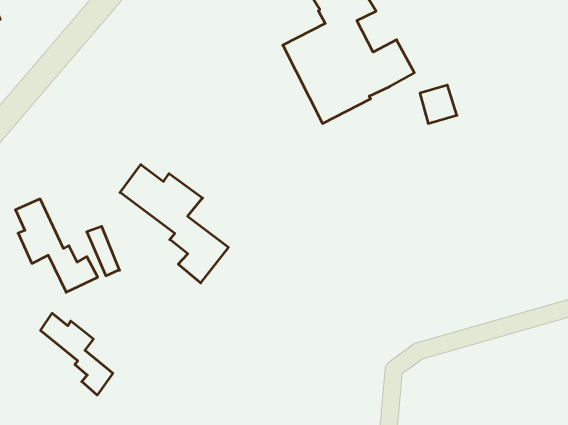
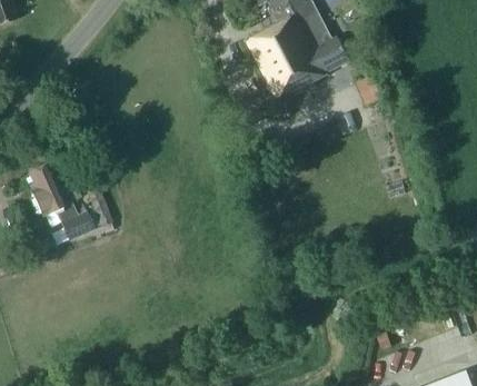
building: [120,165,228,283] -> none
building: [41,313,113,395] -> none

